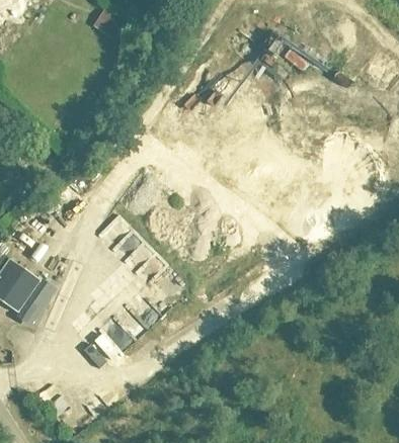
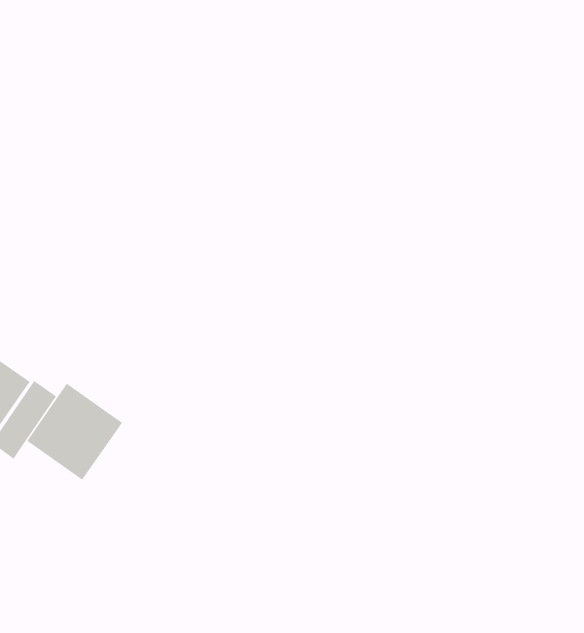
building: none -> [26,383,123,480]

